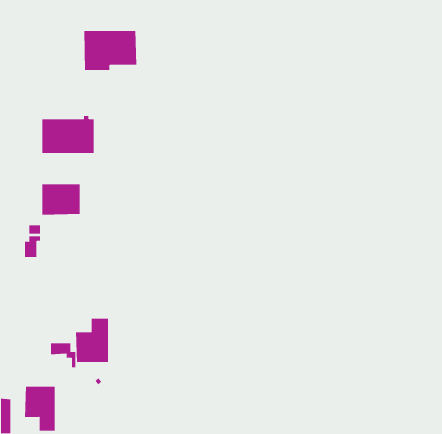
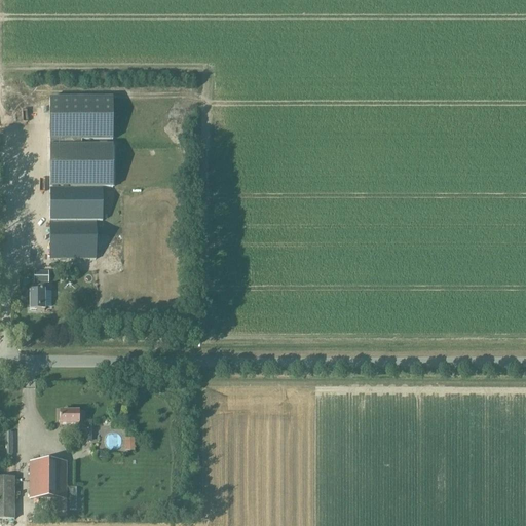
building: [83,31,137,70] -> [49,95,113,142]
building: none -> [50,185,103,217]
building: [76,318,108,363] -> none

